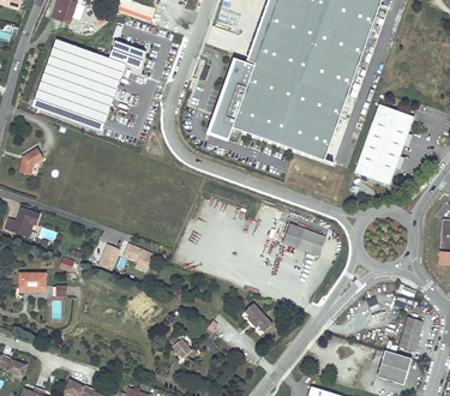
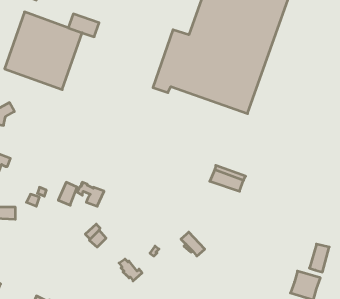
building: [354,102,414,185] -> none

